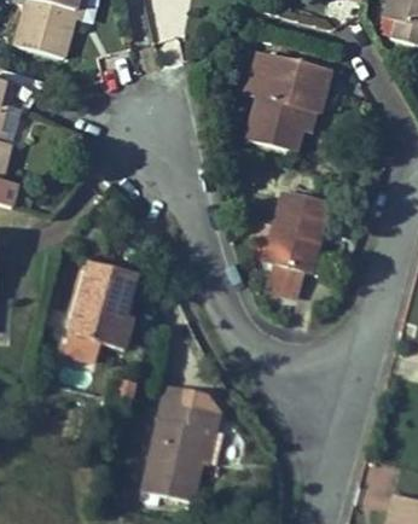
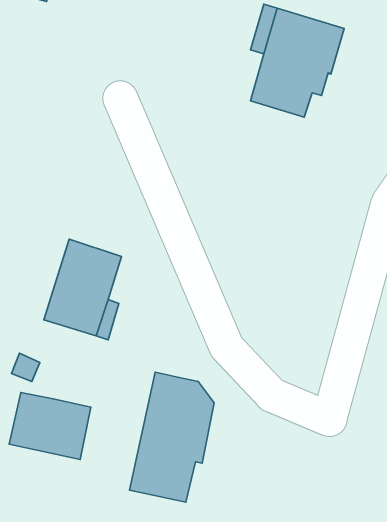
building: [274,193,339,299] -> none
building: none -> [9,393,91,460]

